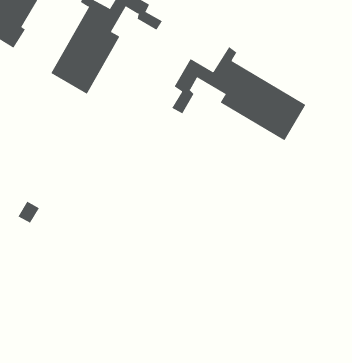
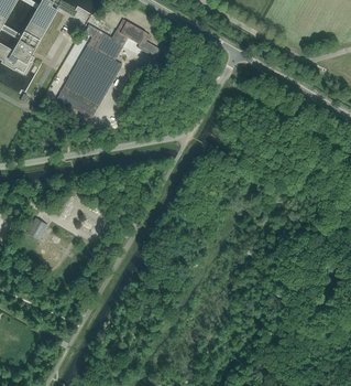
building: [172,46,306,141] -> none

